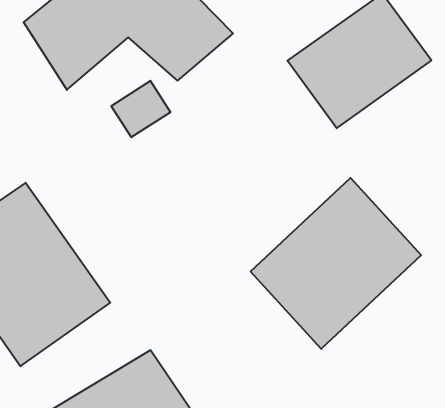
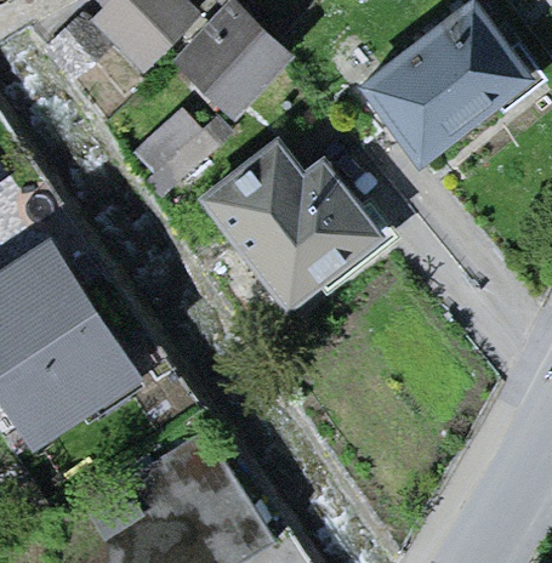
building: none -> [200,131,388,326]
building: [251,178,421,349] -> none

